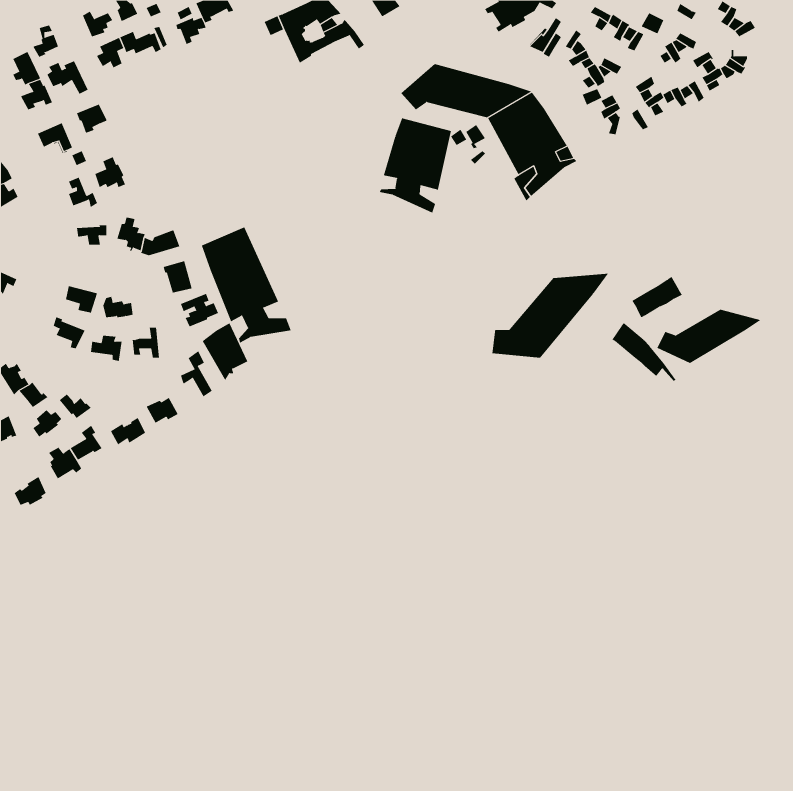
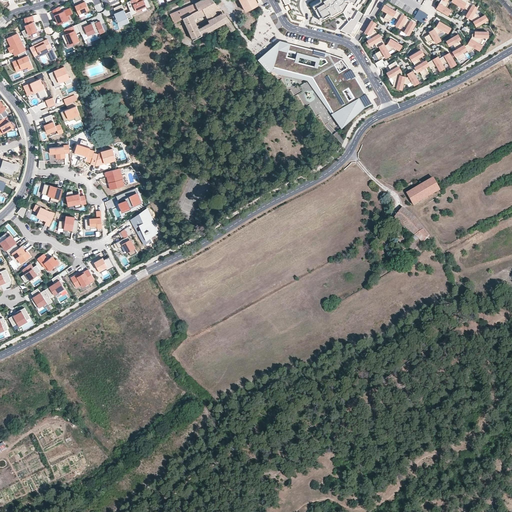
building: [379,118,451,213] -> none
building: [201,226,291,343] -> none
building: [492,273,609,358] -> none
building: [656,309,762,364] -> none

